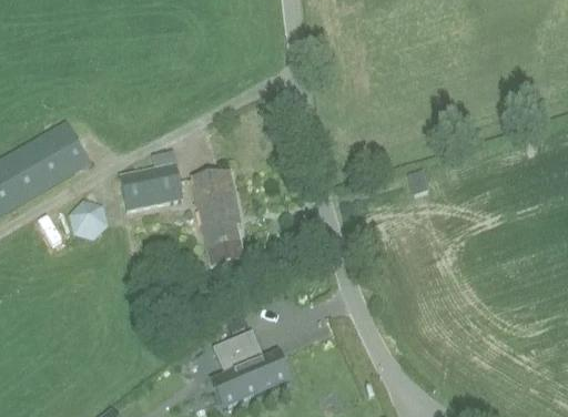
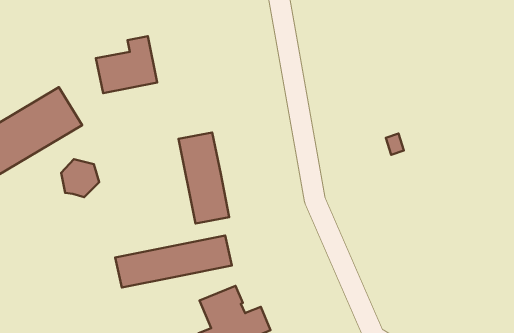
building: [120,151,184,211] -> [96,36,157,93]
building: none -> [115,235,232,287]

